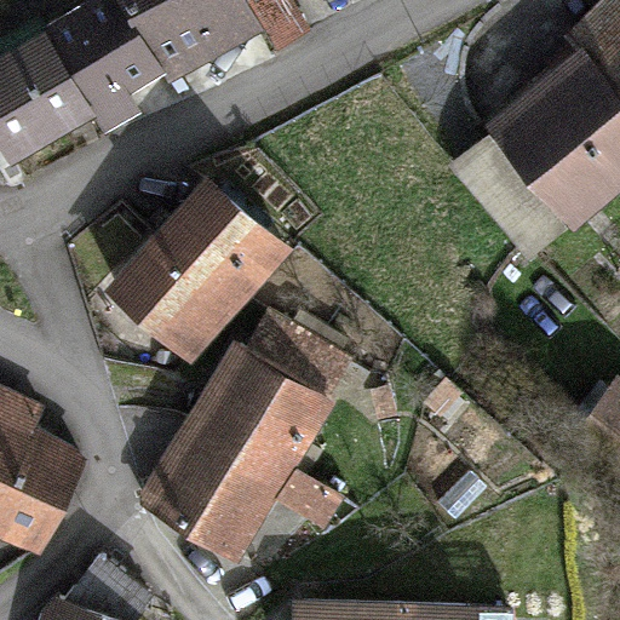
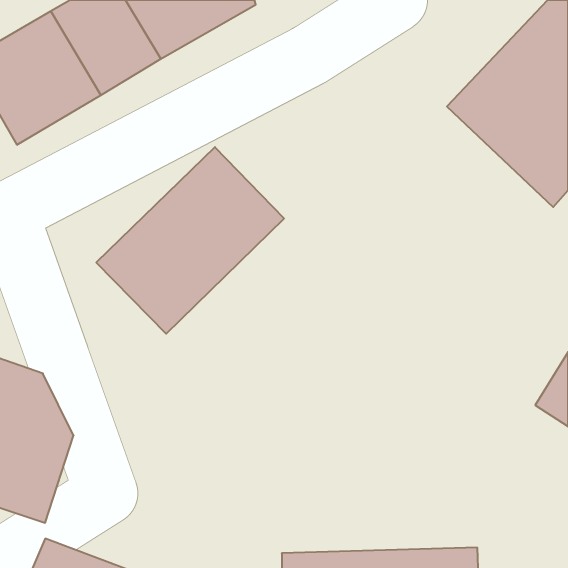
building: [137,299,366,558] -> none

